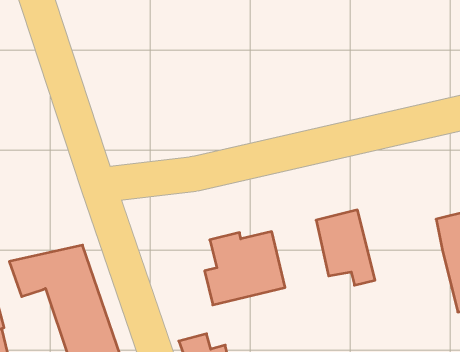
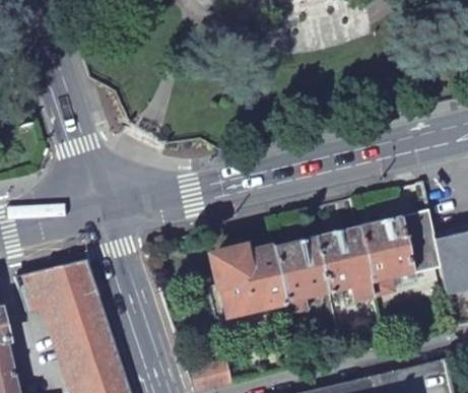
building: none -> [356,210,440,297]
building: none -> [272,238,328,315]

